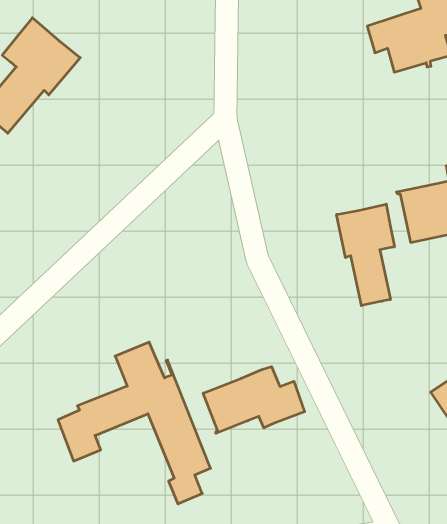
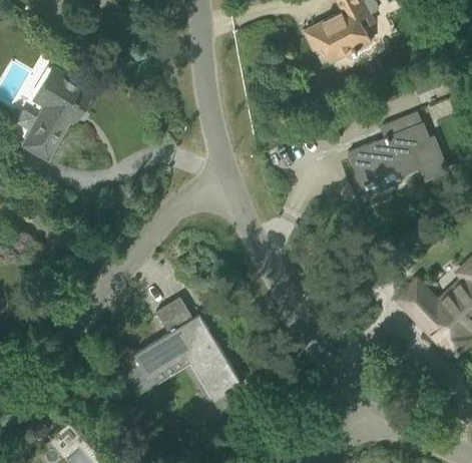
building: [337,204,394,306] -> none
building: [203,367,305,433] -> none

